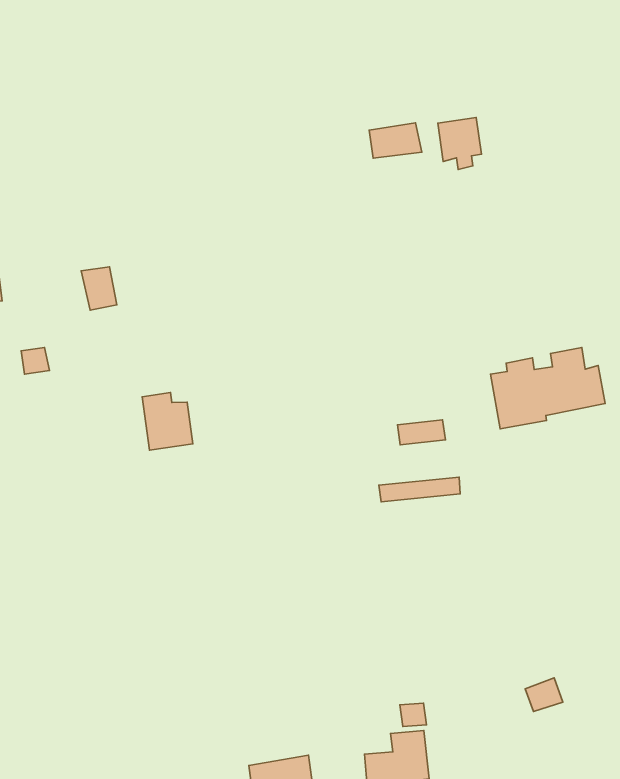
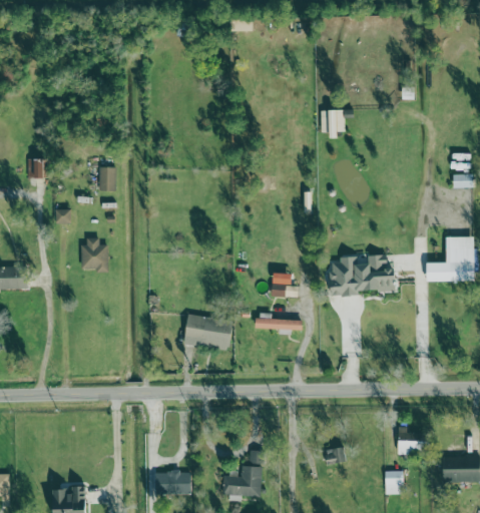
building: [369,123,422,158] -> none
building: [142,393,193,450] -> [82,237,108,270]
building: none -> [184,315,233,349]

